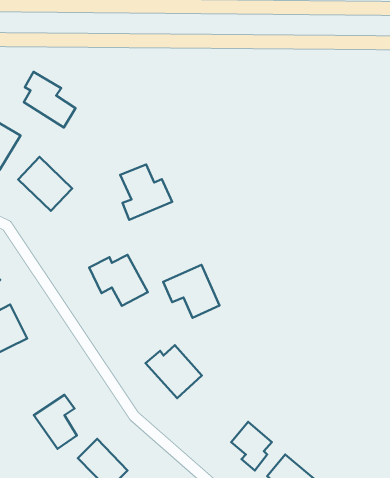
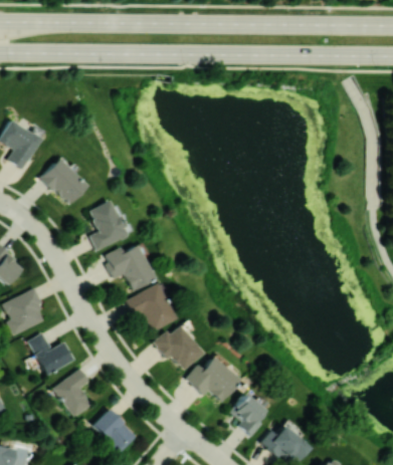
building: [24,72,76,127] -> none
building: [120,165,172,220] -> [88,200,135,249]
building: [163,265,220,318] -> [126,283,176,330]
building: none -> [30,332,74,374]
building: none -> [186,356,241,401]

